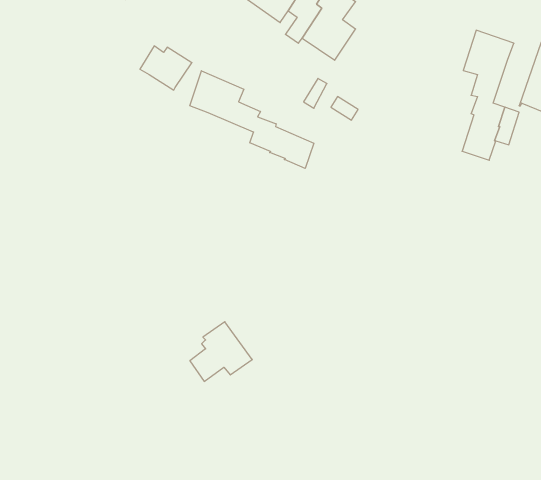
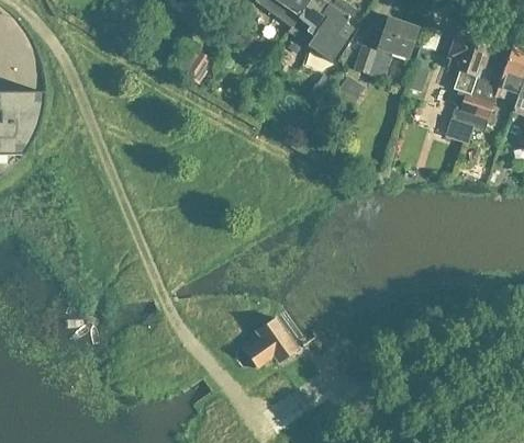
building: none -> [355,15,419,76]
building: [190,71,314,168] -> none
building: [190,322,252,381] -> [245,315,298,365]

